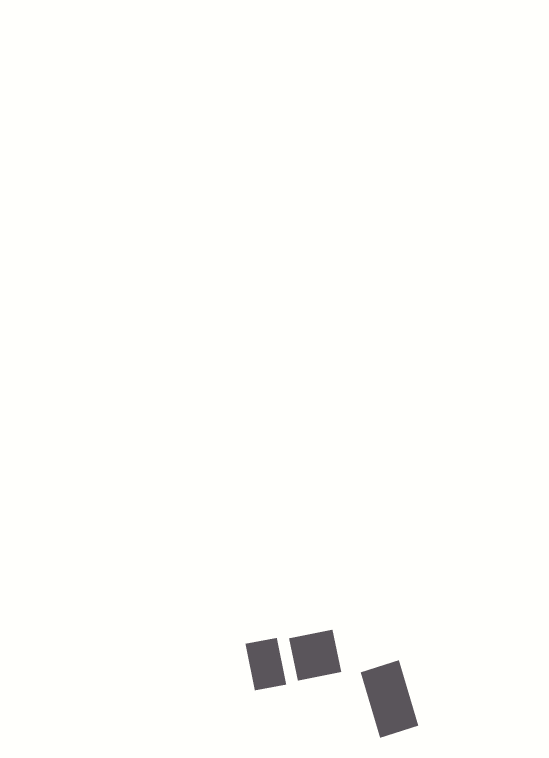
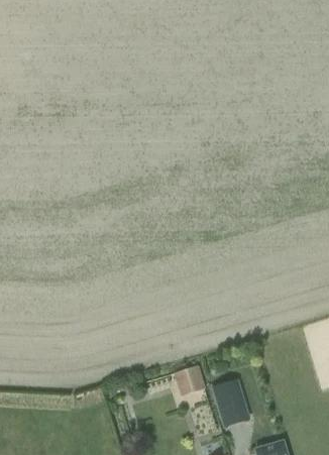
building: [245,637,287,691] -> none

